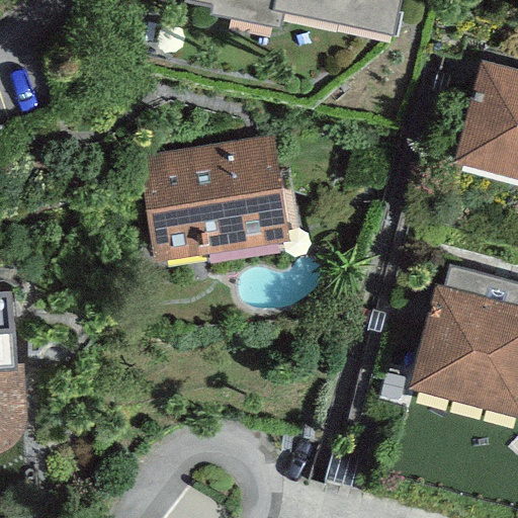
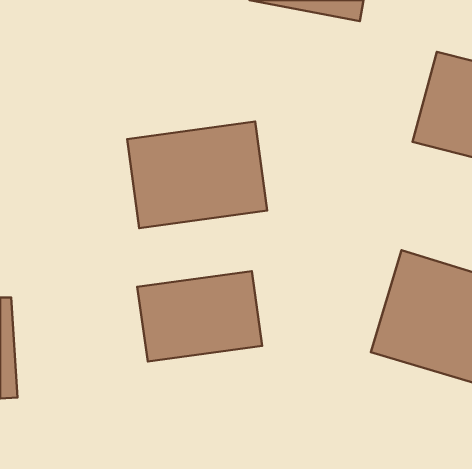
building: none -> [137,271,262,362]

